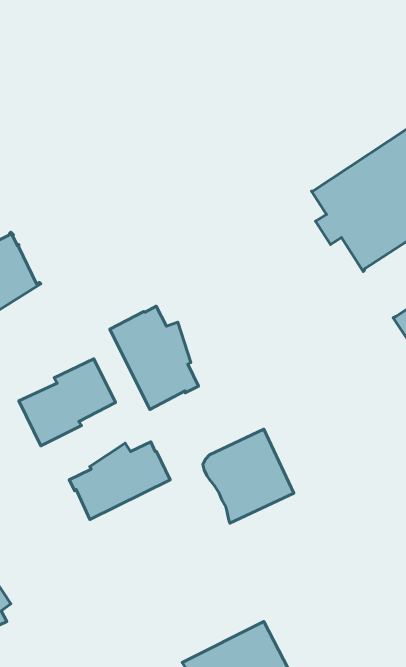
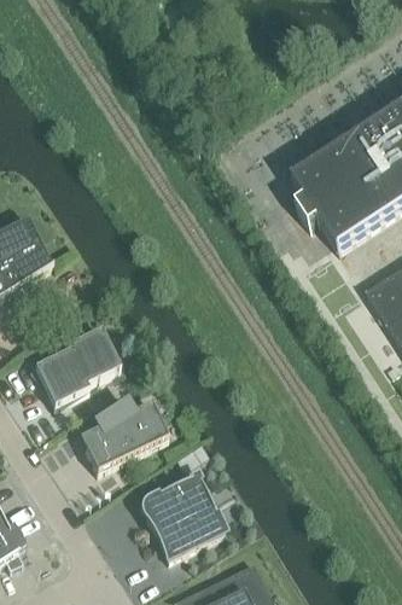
building: [110,306,198,409] -> none
building: [203,429,294,523] -> [144,471,225,554]

